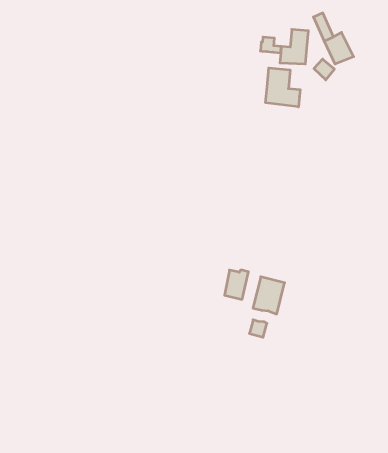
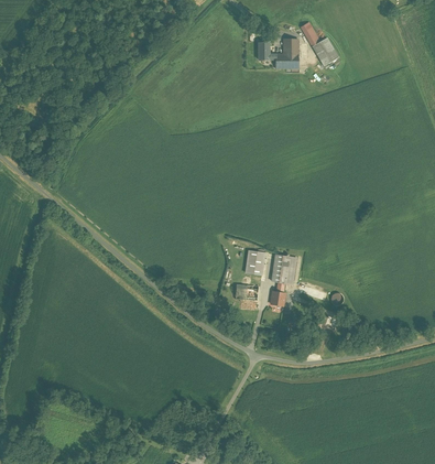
building: [266,68,300,107] -> none
building: none -> [235,284,258,309]

